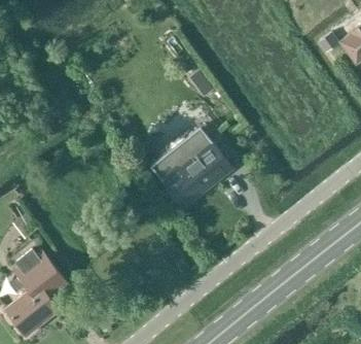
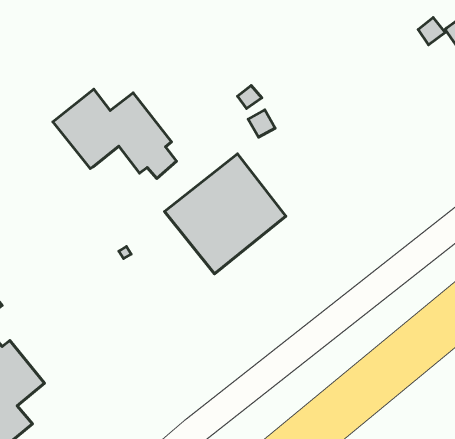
building: none -> [53,89,177,179]

